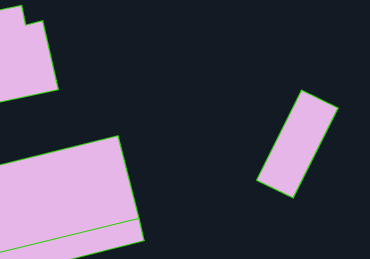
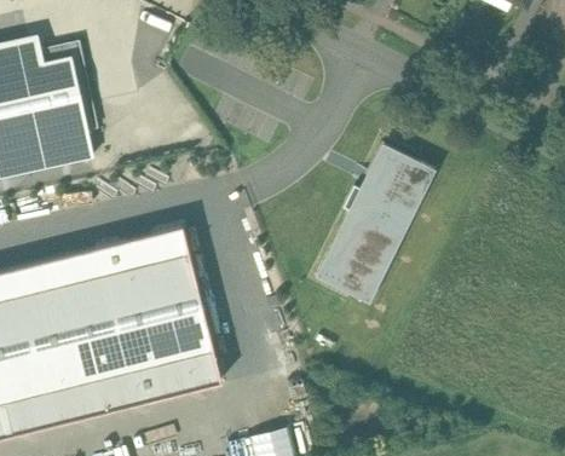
building: [257,90,338,198] -> [315,144,436,304]

